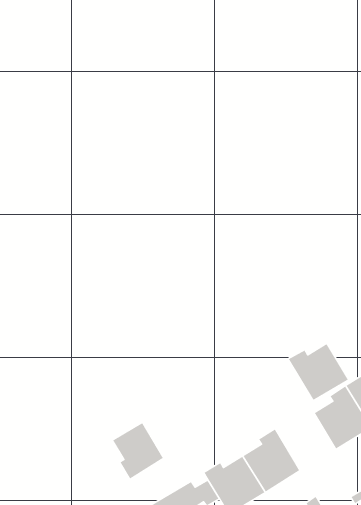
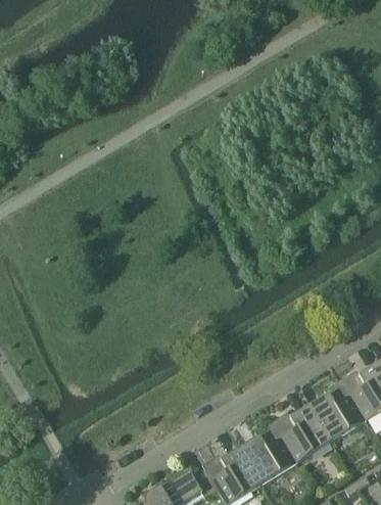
building: [288,343,349,401] -> [271,407,330,463]
building: [112,422,164,480] -> none

